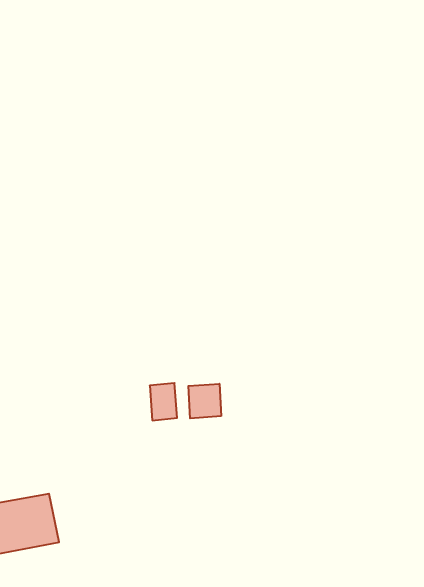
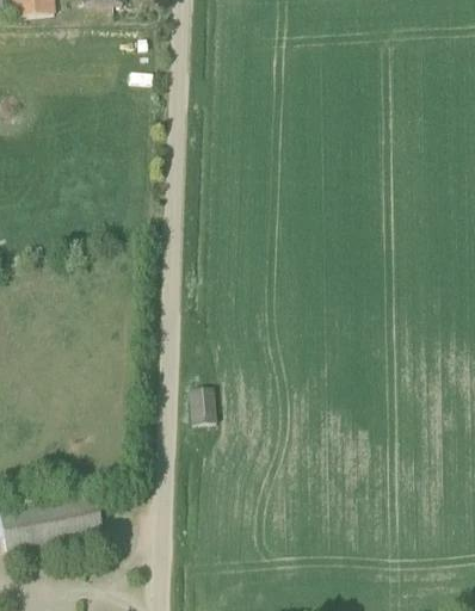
building: [188,384,221,418] -> none

